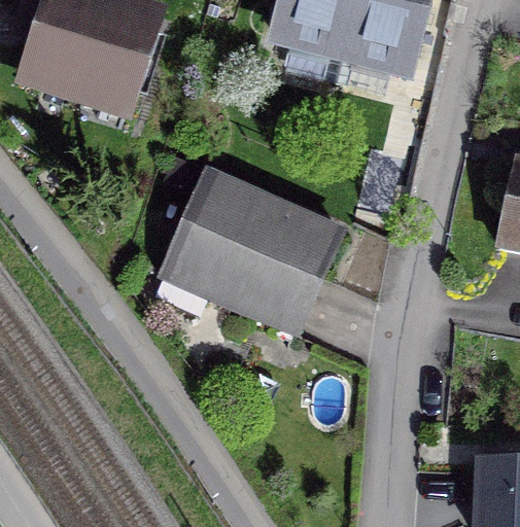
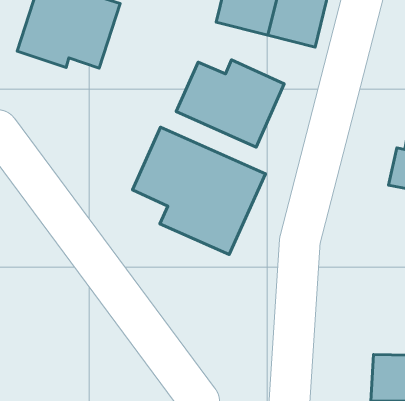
building: none -> [176,60,284,147]

